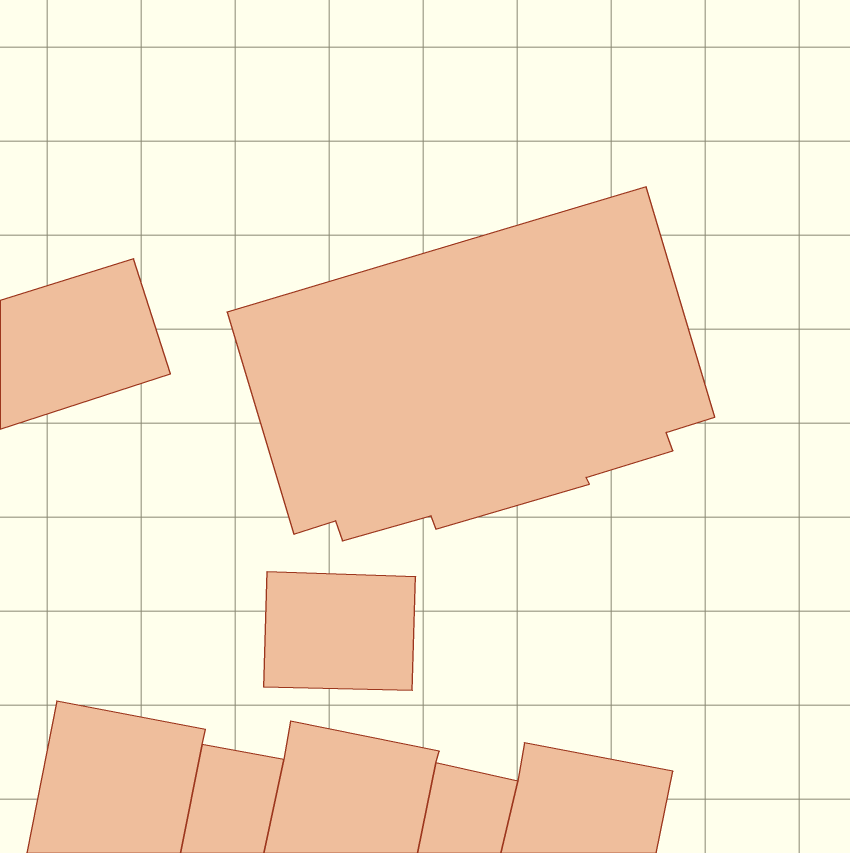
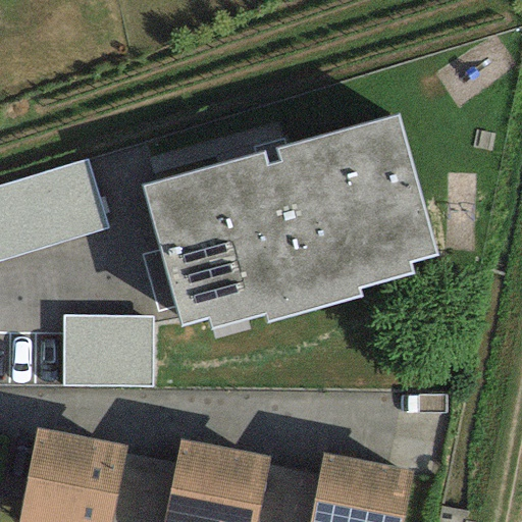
building: [264,572,416,690] -> [61,316,154,388]

